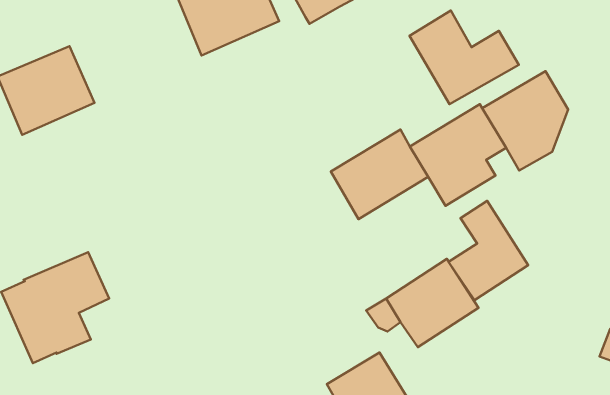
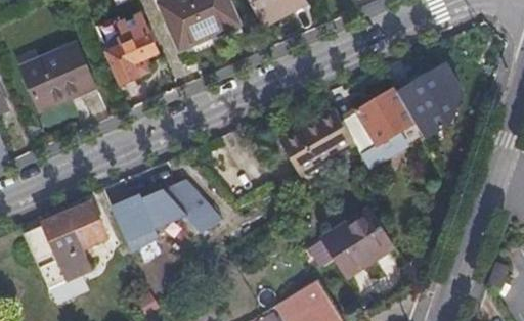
building: [410,11,519,104] -> none
building: none -> [98,15,158,85]
building: [449,201,528,300] -> none
building: none -> [114,180,221,254]

